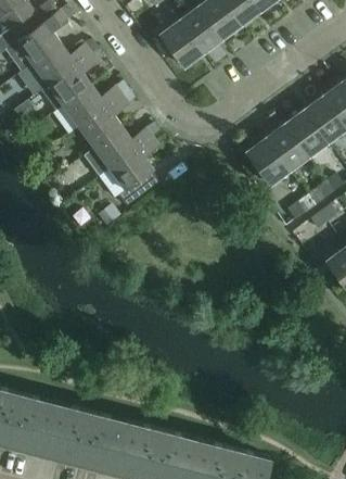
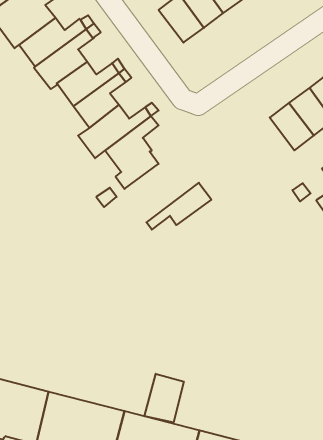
building: [246,140,290,187] -> none
building: none -> [146,183,211,230]
building: none -> [145,374,184,423]

